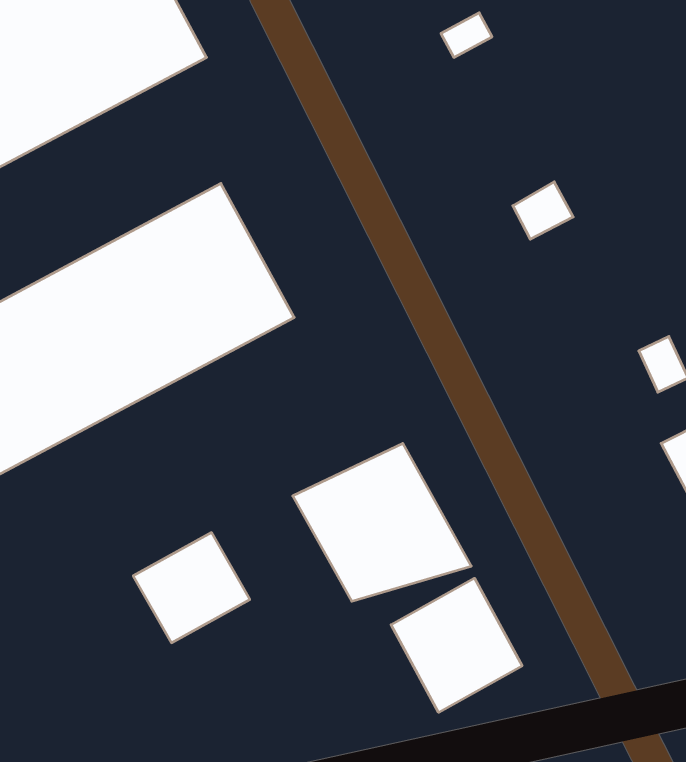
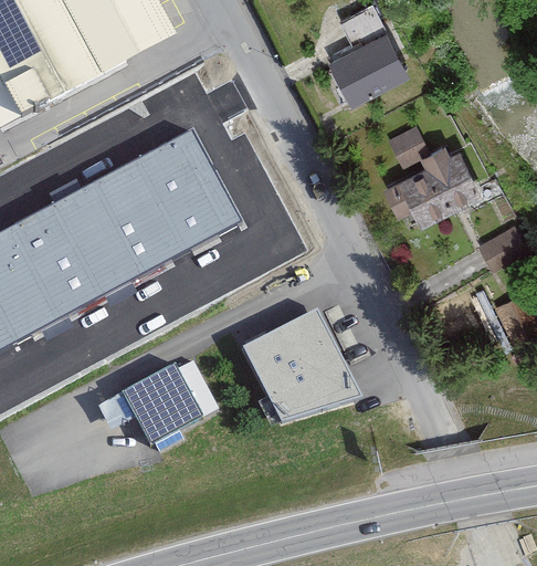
building: none -> [331,34,410,105]
building: none -> [388,147,488,224]
building: [391,578,522,712] -> none

